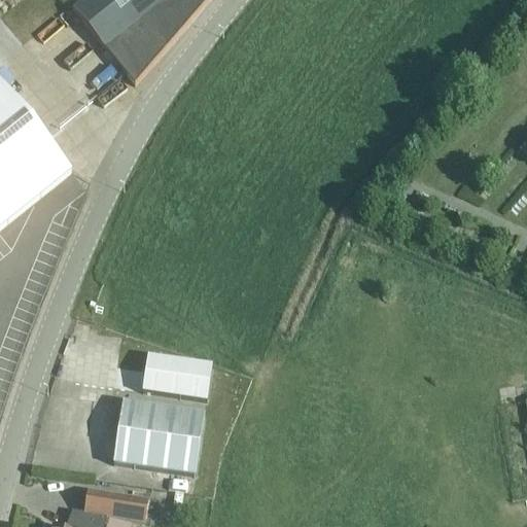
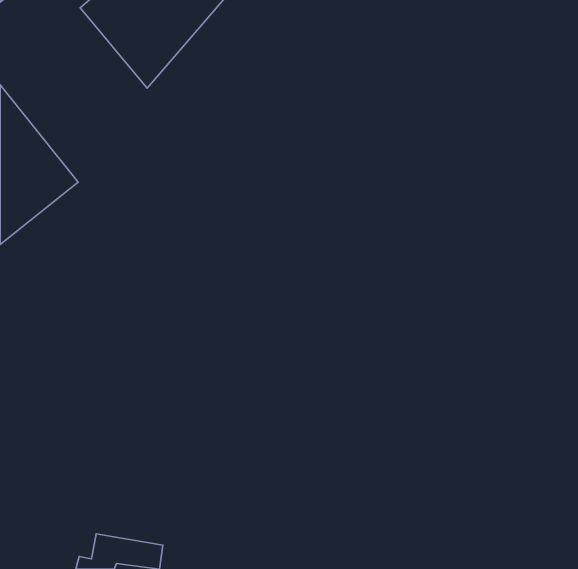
building: [142,352,211,397] -> none
building: [113,398,204,471] -> none

